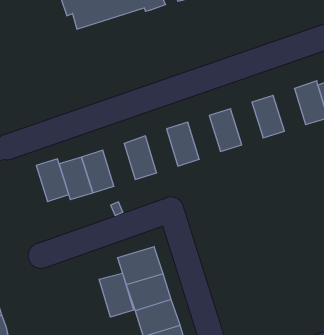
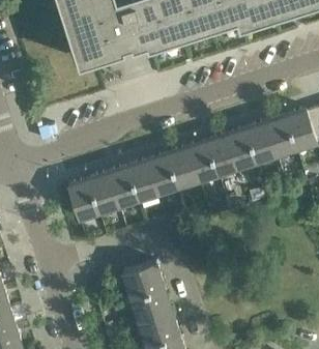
building: none -> [265,118,295,157]
building: none -> [226,130,256,170]
building: none -> [186,143,216,183]
building: none -> [147,155,177,196]
building: [36,159,69,201] -> [108,169,138,208]
building: [99,273,133,317] -> none

